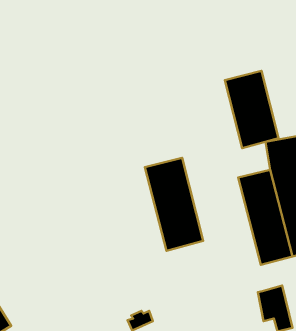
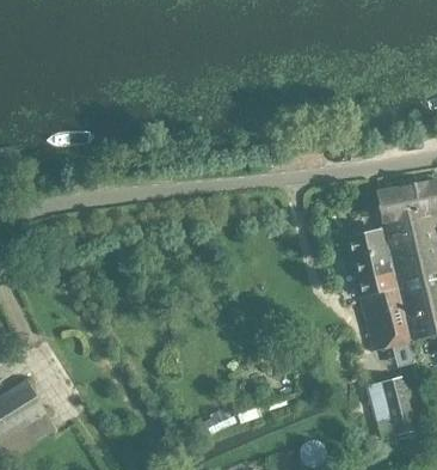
building: [225,71,279,148] -> none
building: [145,158,203,251] -> none

